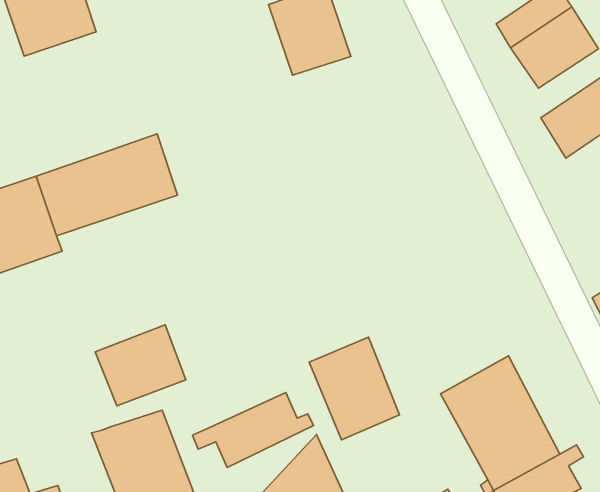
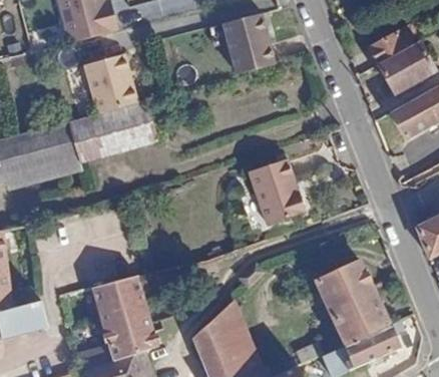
building: none -> [81,54,138,115]
building: [95,325,186,406] -> none
building: [309,337,399,440] -> [250,160,305,225]
building: [192,392,313,468] -> none

